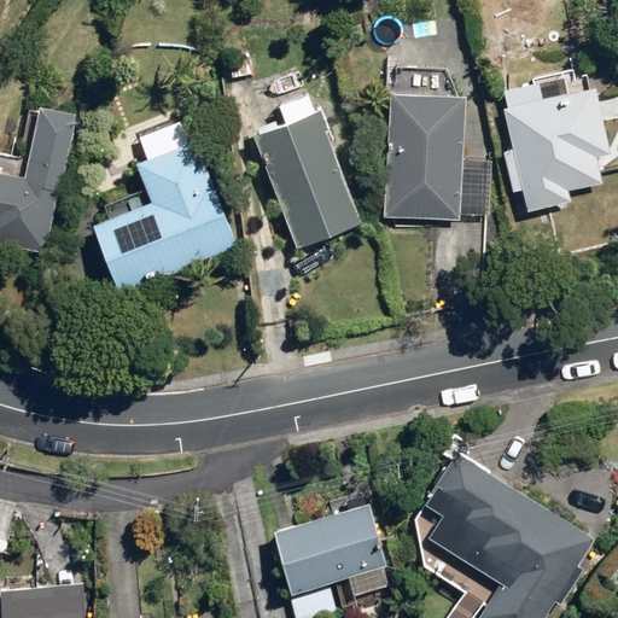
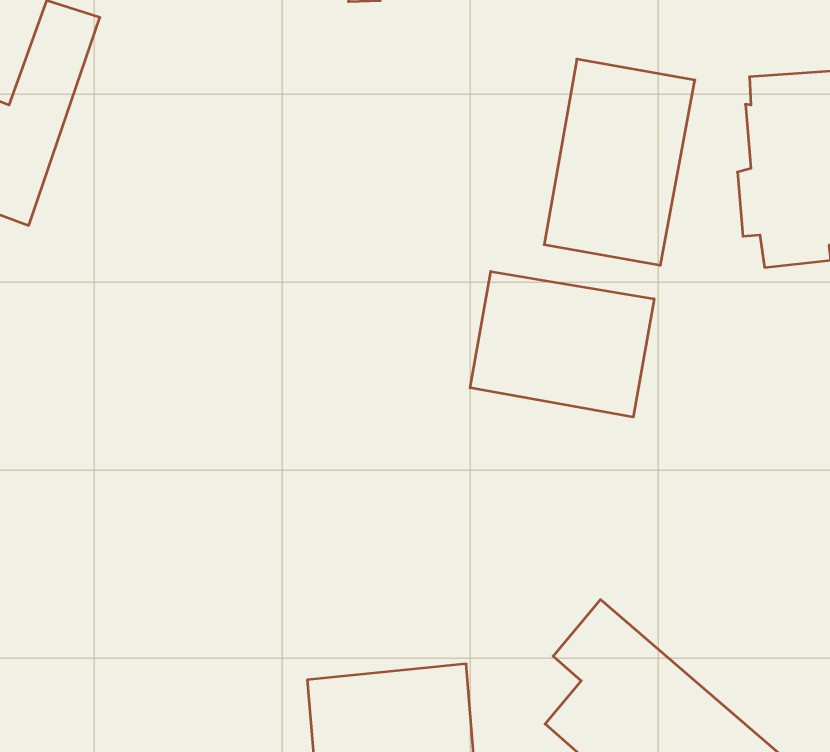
building: [252,94,362,251] -> none
building: [92,140,238,296] -> none
building: none -> [470,271,654,417]

